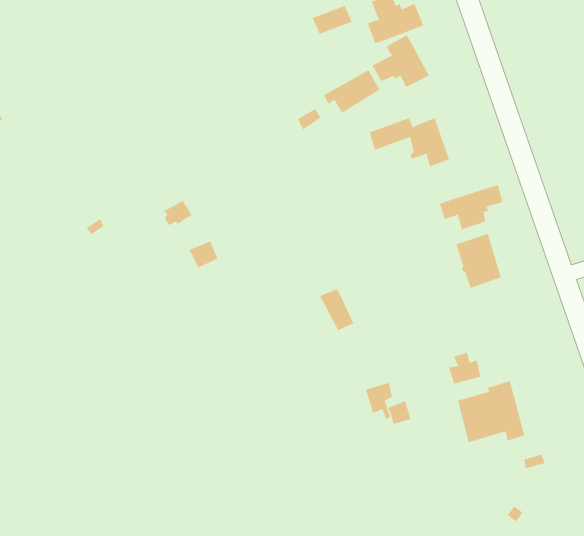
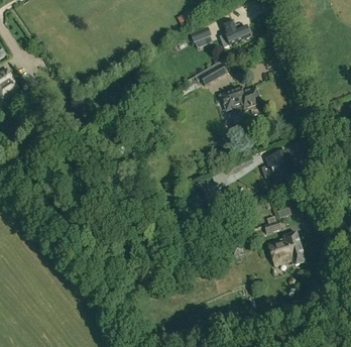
building: [372,35,430,88] -> none
building: [439,184,503,230] -> none

